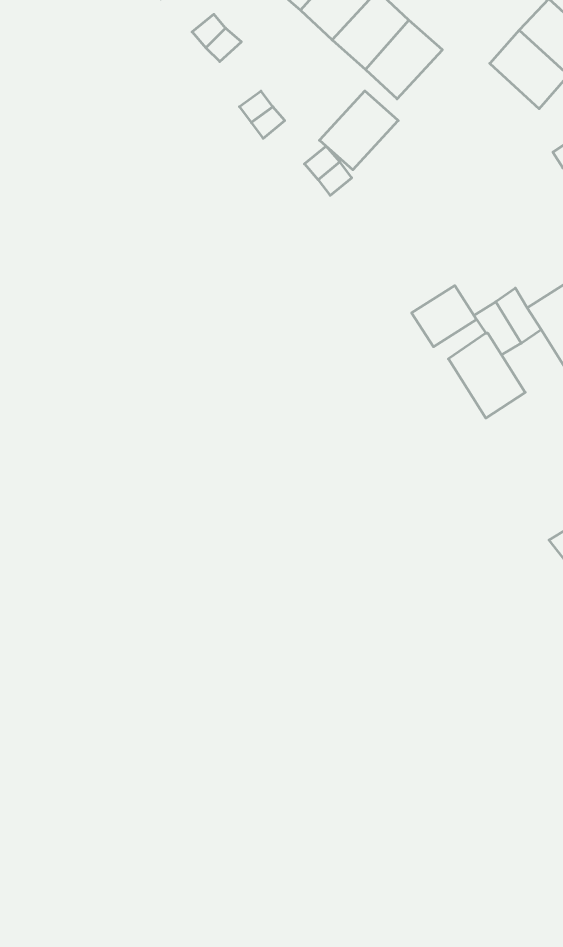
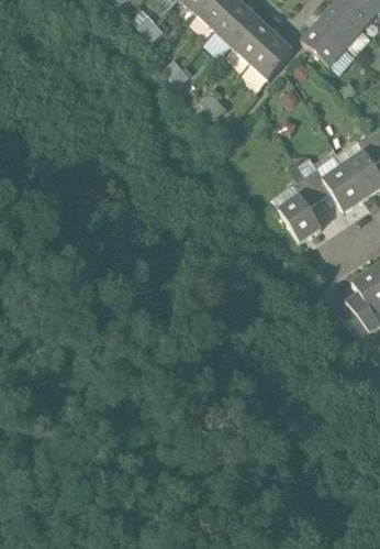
building: [319,91,398,170] -> [250,32,294,76]
building: [412,286,477,347] -> none

